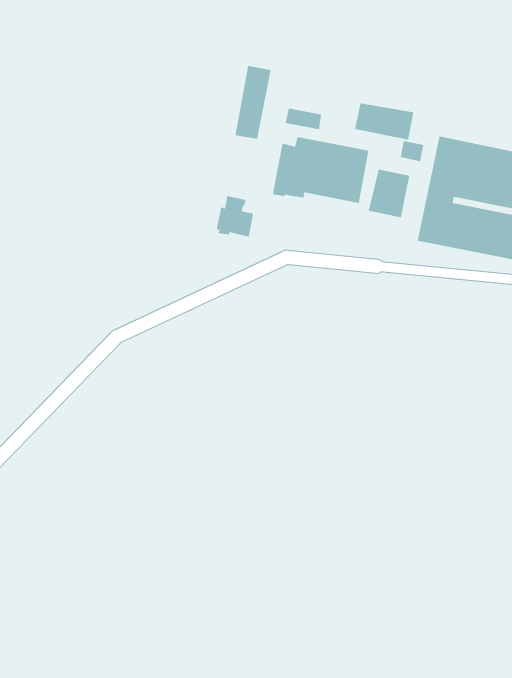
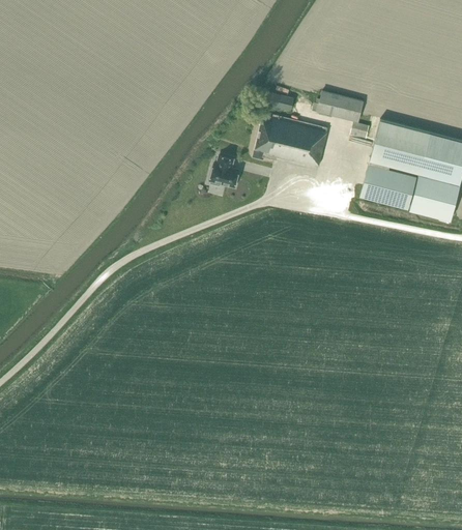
building: [235,65,271,139] -> none
building: [368,169,410,218] -> none

